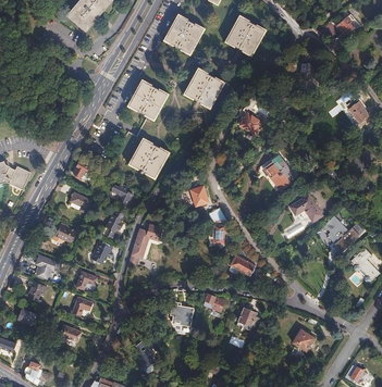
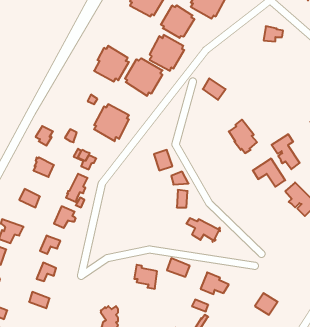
building: none -> [161,5,194,38]
building: none -> [125,58,163,96]
building: none -> [272,134,300,169]
building: [130,224,162,264] -> none

